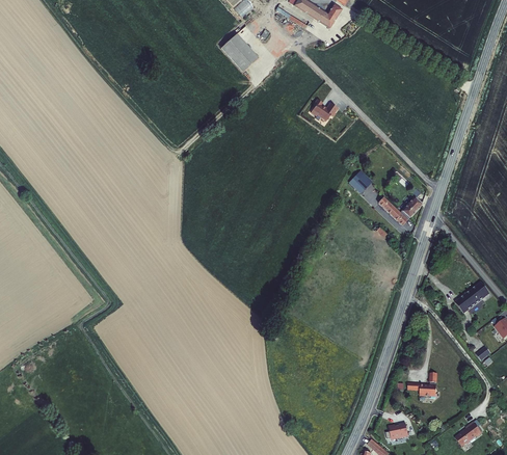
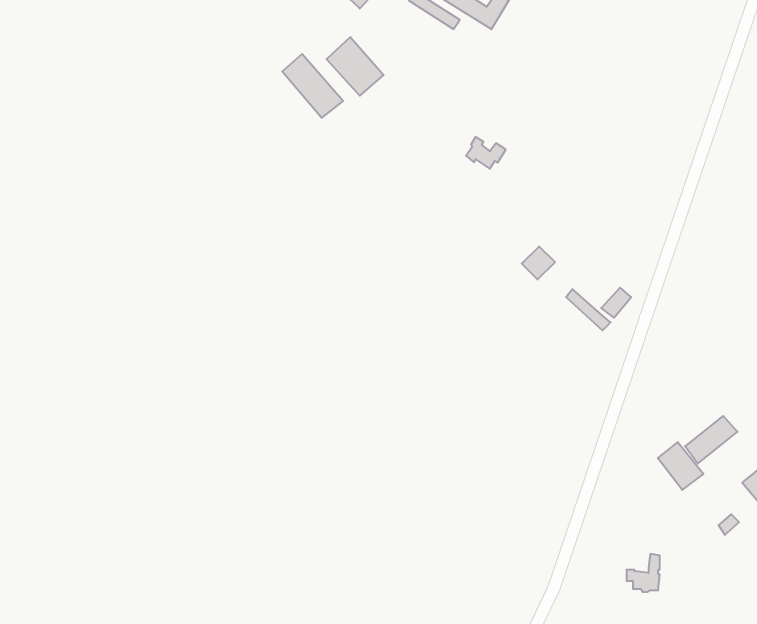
building: none -> [282,54,343,118]
building: none -> [658,442,703,490]

